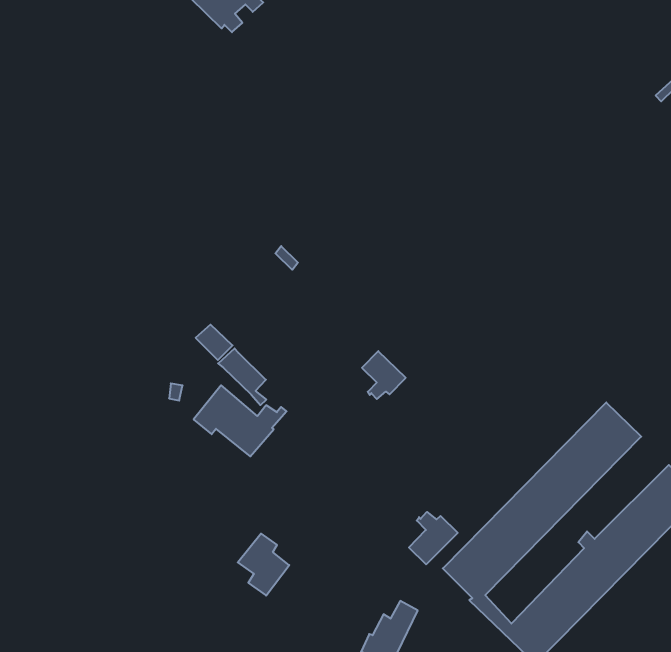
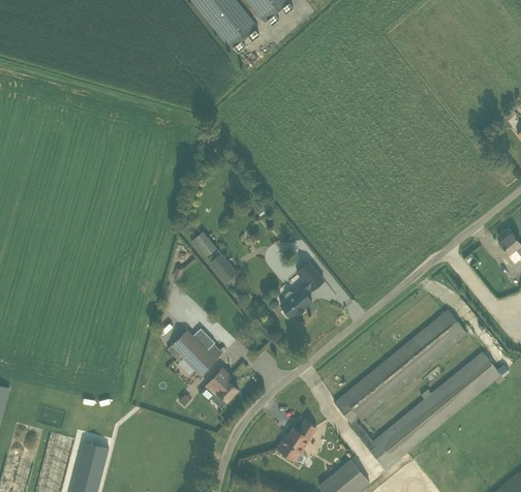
building: [194,385,287,456] -> [166,328,225,374]
building: none -> [279,286,311,317]
building: [409,512,458,564] -> none

